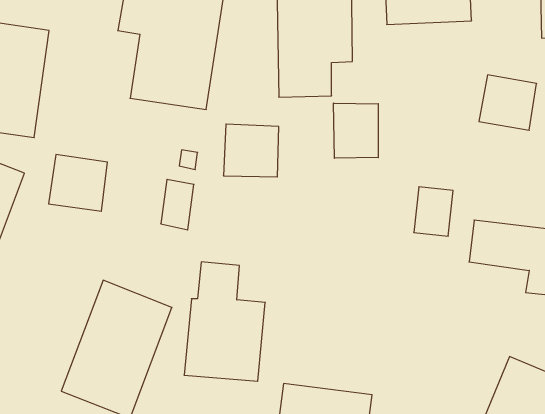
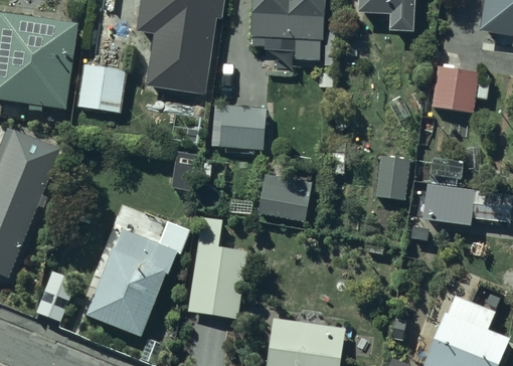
building: [334,103,378,158] -> none
building: [49,155,107,211] -> [76,63,125,110]
building: none -> [259,175,313,222]

